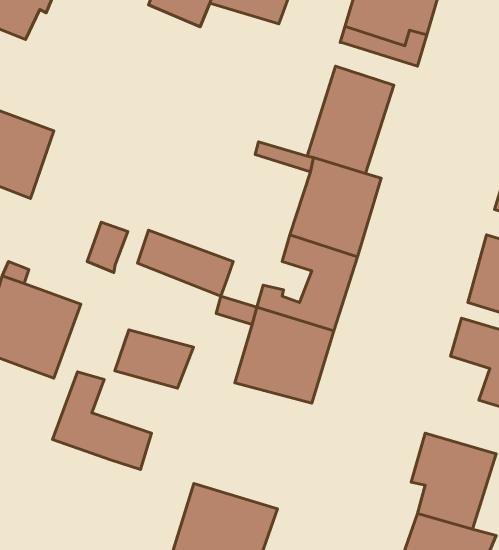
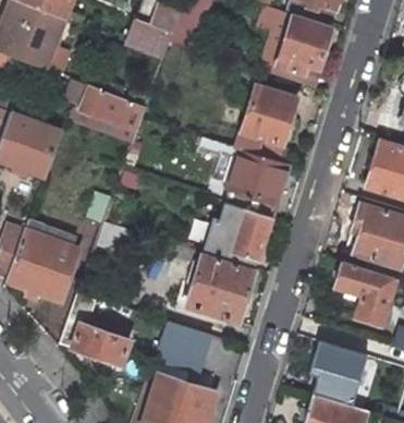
building: [137,230,233,296] -> [79,86,146,132]
building: [115,330,193,388] -> [157,323,211,363]

